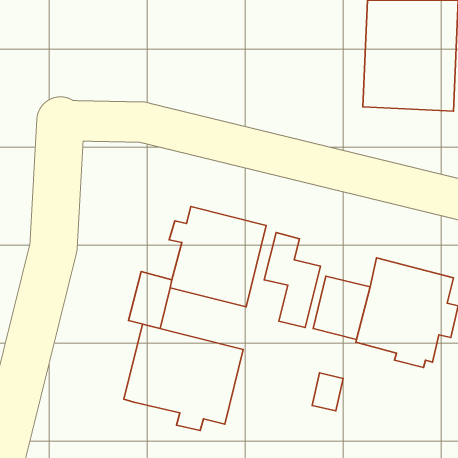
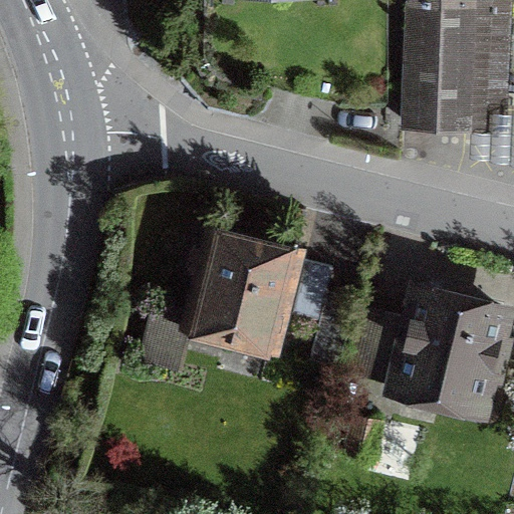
building: [124,324,243,430] -> none

